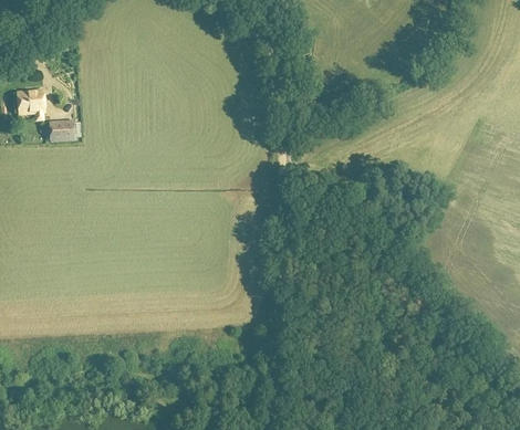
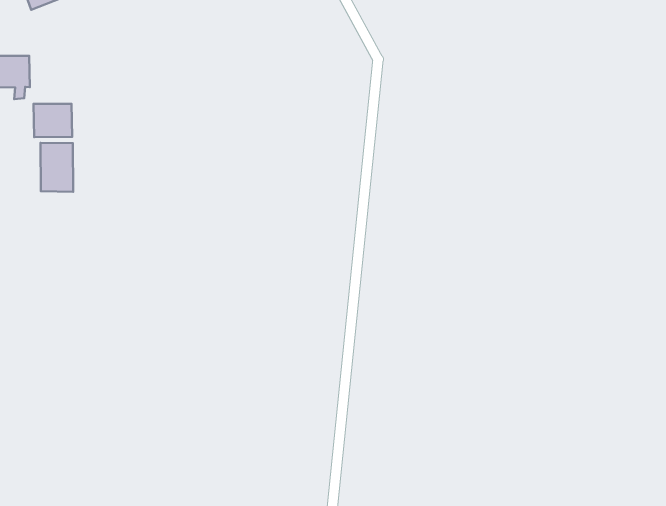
building: none -> [40,143,73,192]

